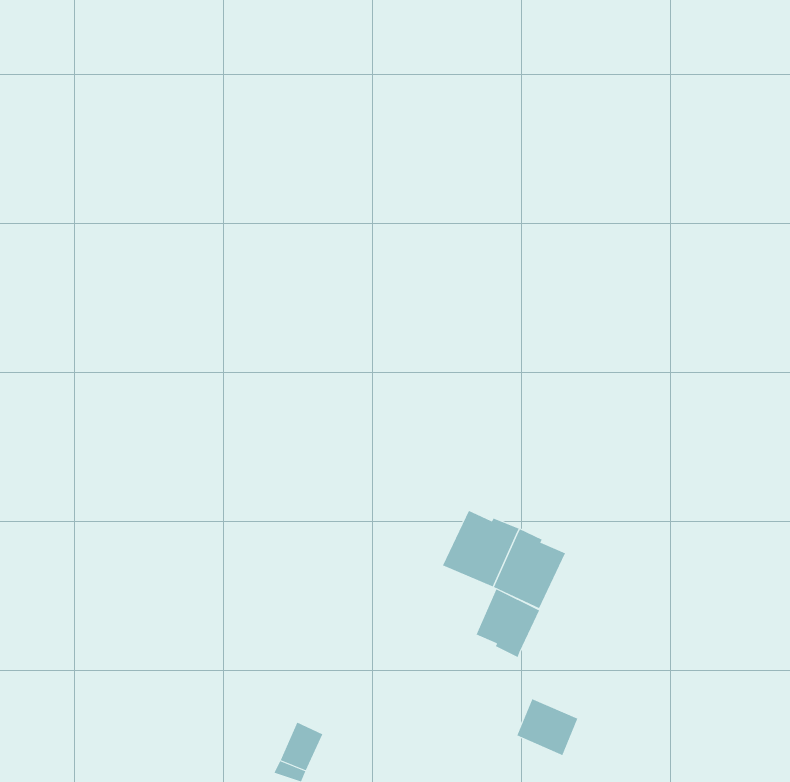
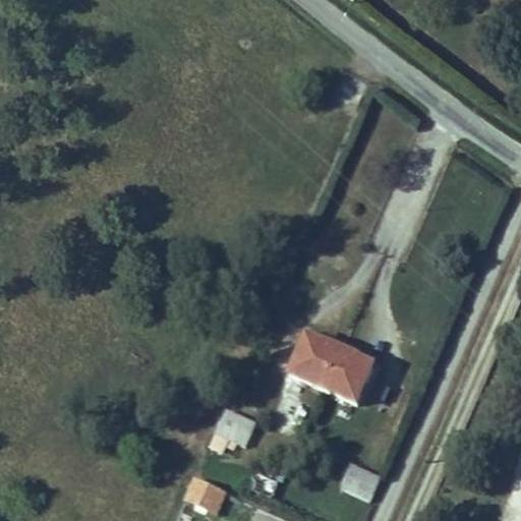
building: [476,589,540,658] -> none
building: none -> [217,406,256,443]

